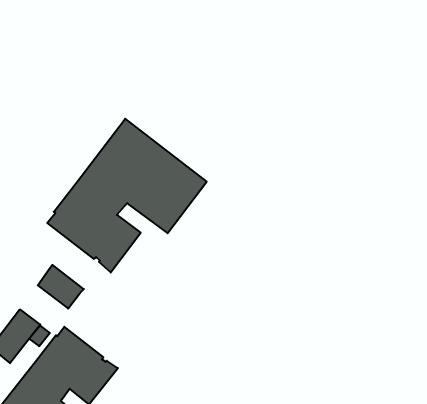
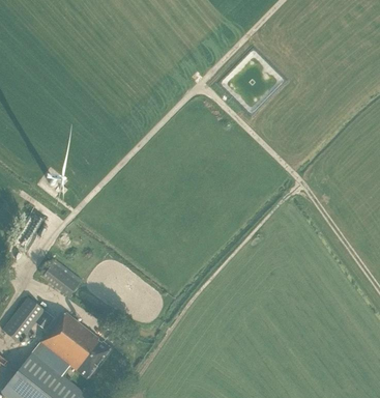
building: [47,119,207,273] -> none

